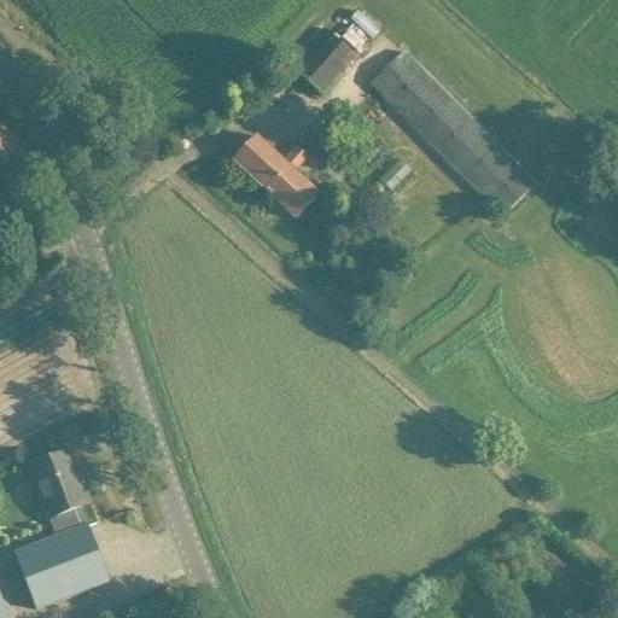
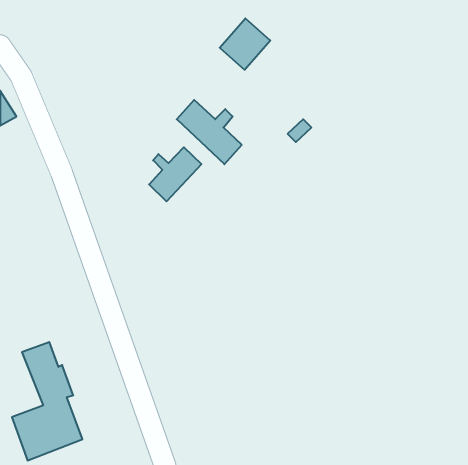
building: [371,48,534,214] -> none
building: none -> [149,147,201,201]

